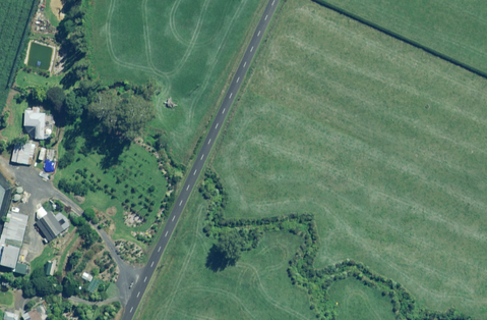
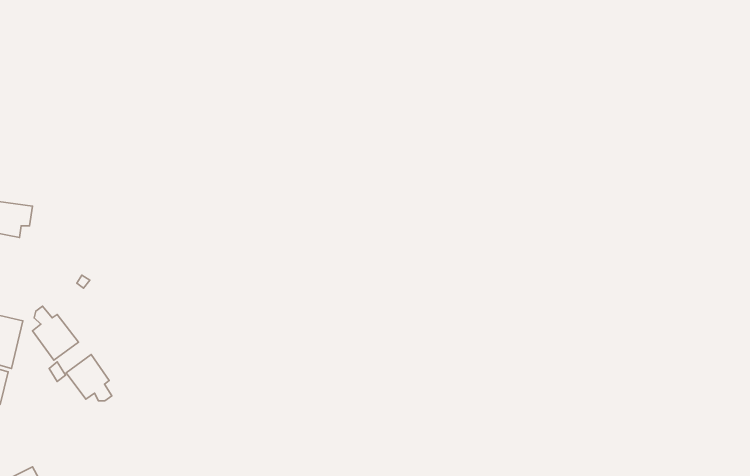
building: [23,107,51,139] -> none
building: none -> [66,354,112,401]

